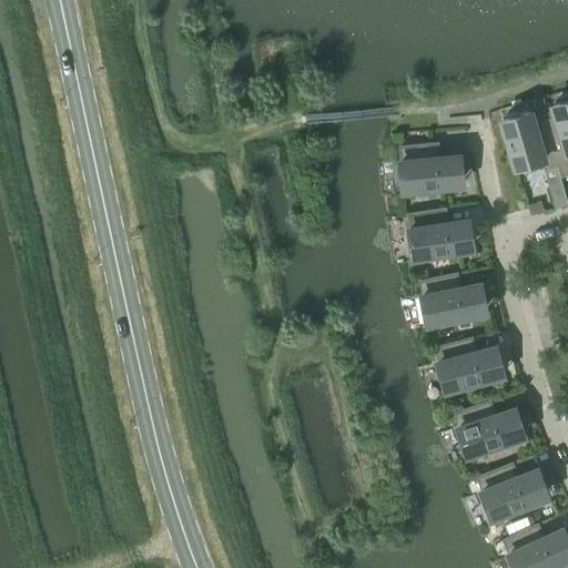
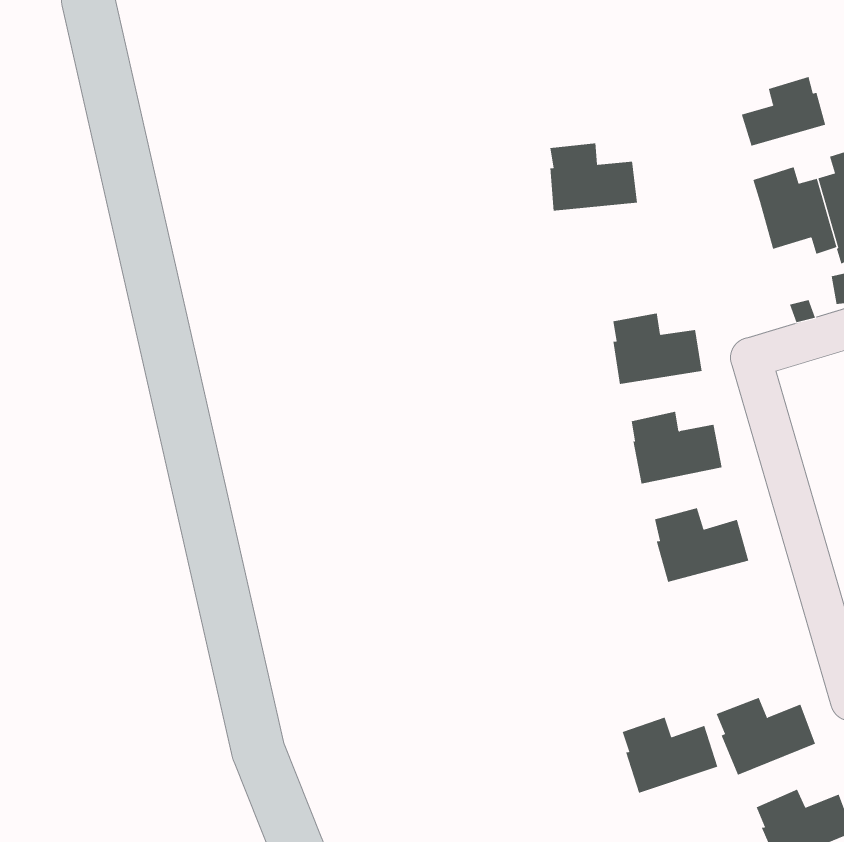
building: none -> [741,76,826,147]
building: [404,149,463,194] -> [550,143,638,211]
building: [459,408,524,459] -> [622,717,718,793]

